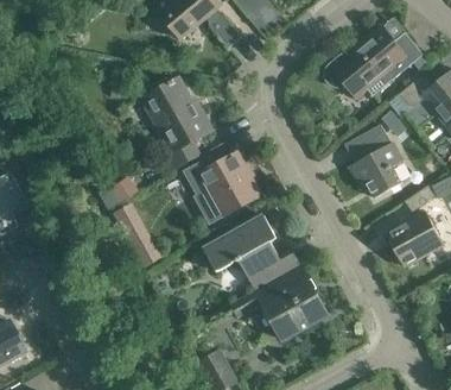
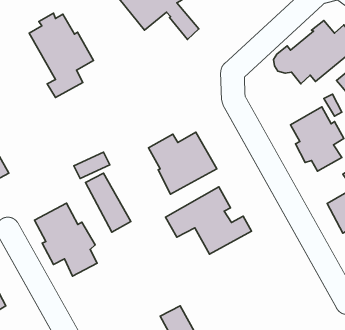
building: [139,77,211,172] -> [29,13,93,97]
building: none -> [34,203,97,276]
building: [228,265,328,340] -> none

